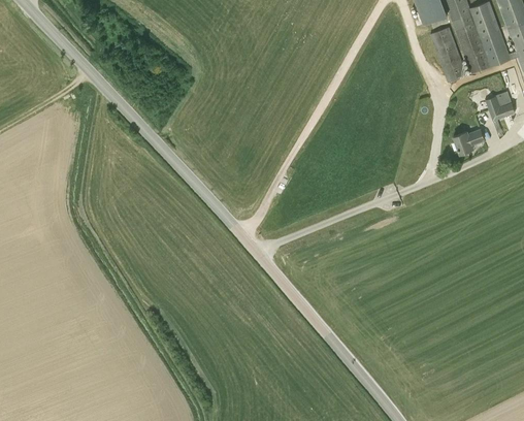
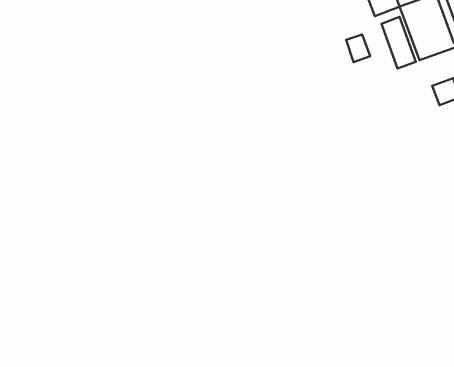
building: none -> [346,34,370,62]
building: [454,129,486,154] -> none

